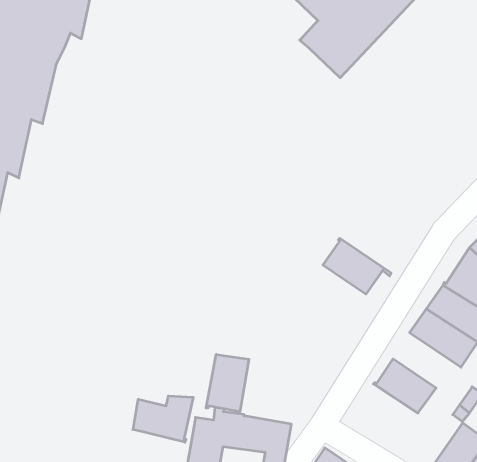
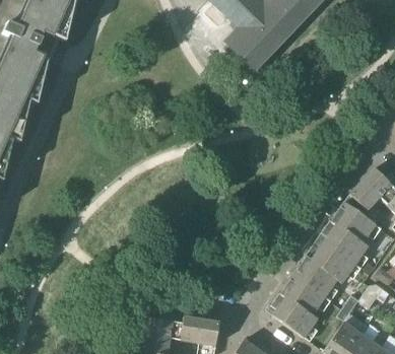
building: [323,238,391,294] -> [294,256,344,296]
building: [206,354,249,412] -> none
building: none -> [267,293,319,337]
building: [133,396,193,442] -> none

